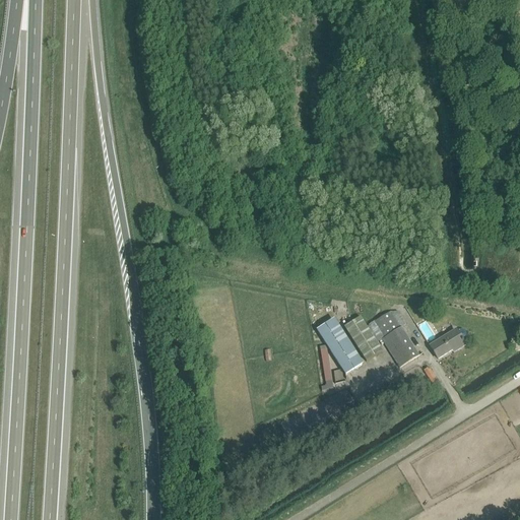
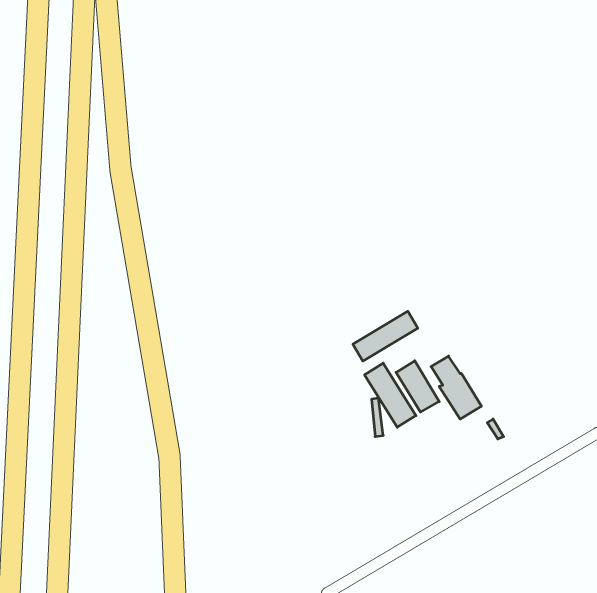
building: none -> [353,311,418,361]
building: [430,326,466,356] -> none

